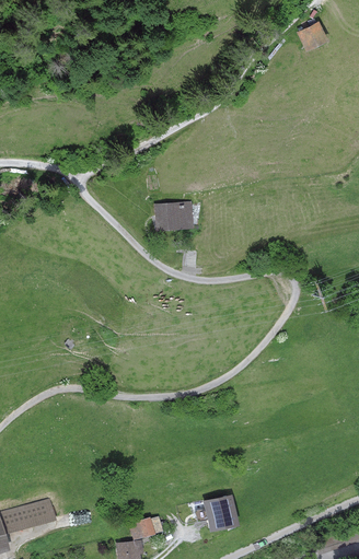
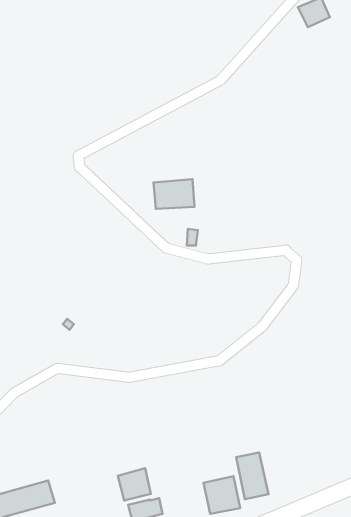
building: none -> [236,453,269,499]
building: none -> [118,468,151,501]

